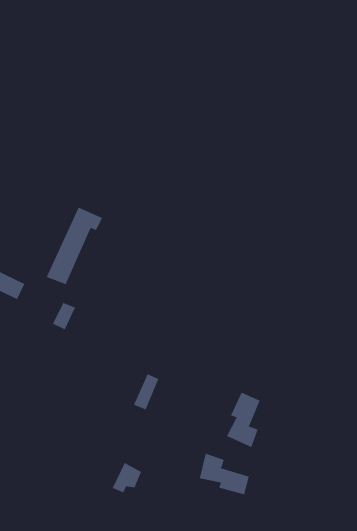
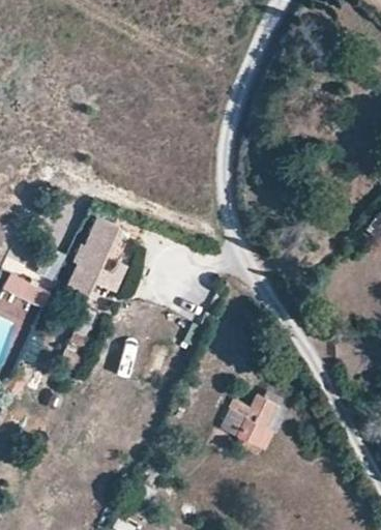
building: [199,453,250,495] -> none

